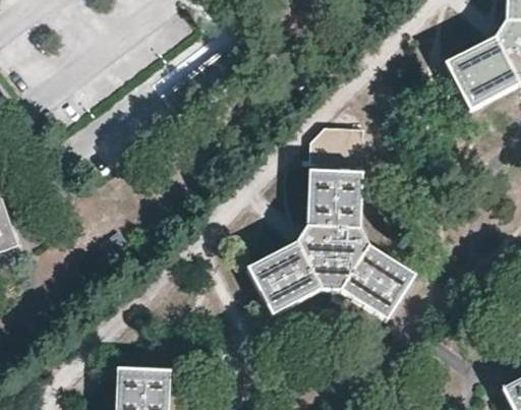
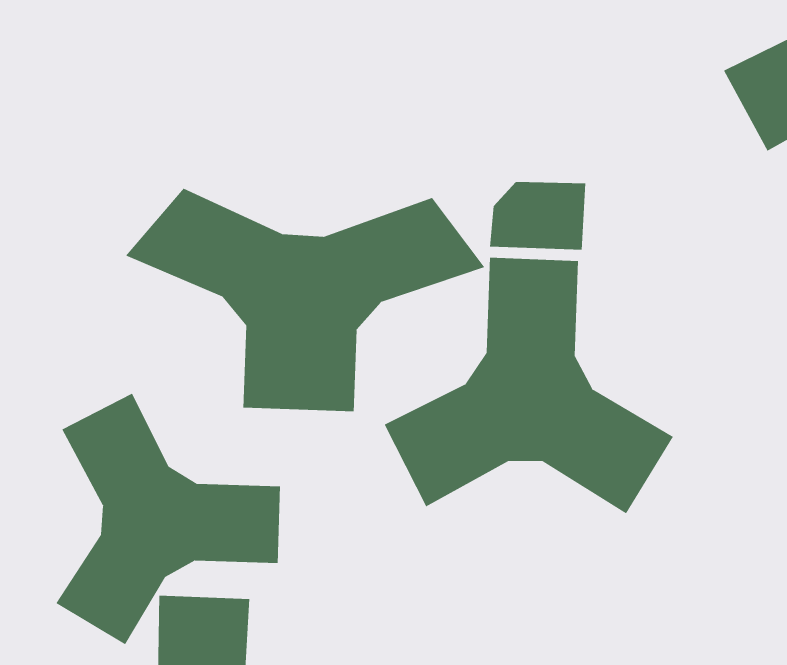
building: none -> [125,188,485,412]
building: none -> [55,393,281,645]

